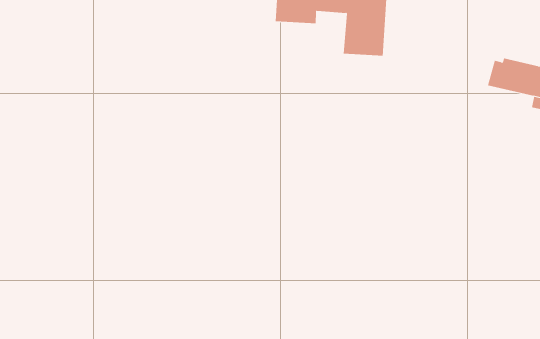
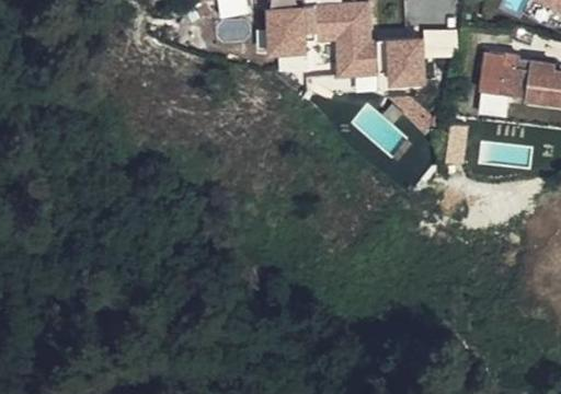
building: none -> [379,31,456,81]

